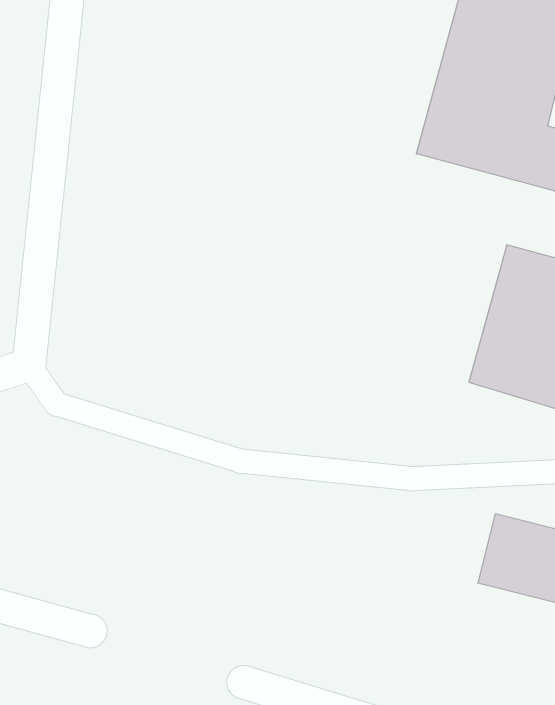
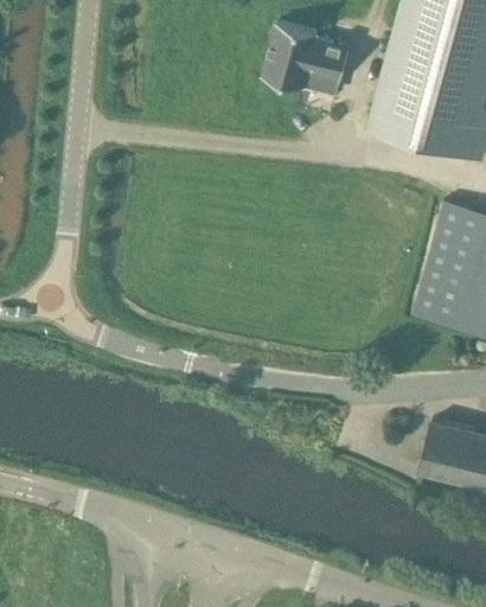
building: none -> [262,25,348,92]

